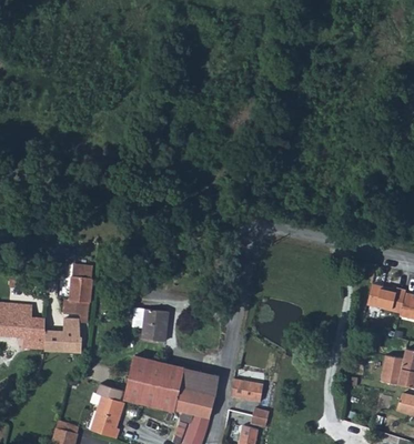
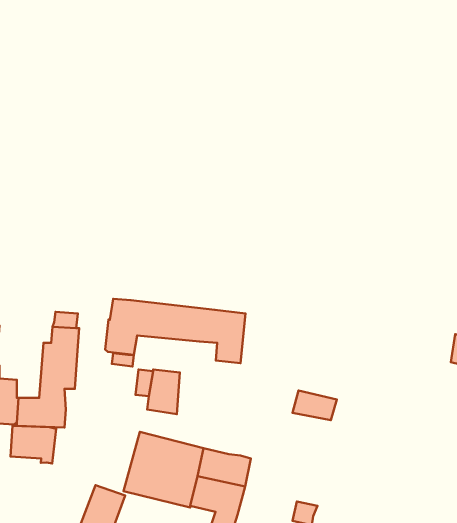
building: none -> [105,299,245,363]
building: none -> [10,426,56,463]
building: [230,379,263,401] -> [292,391,337,420]

